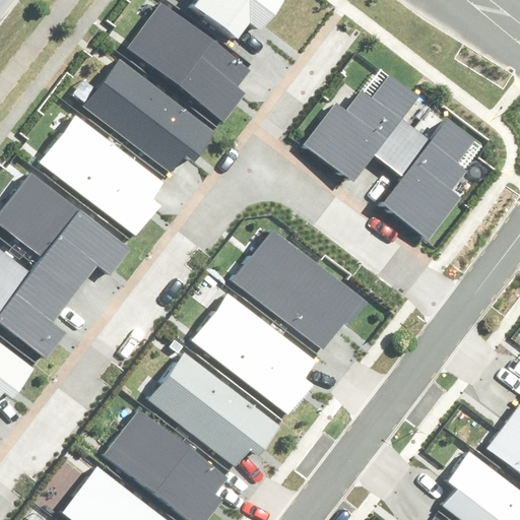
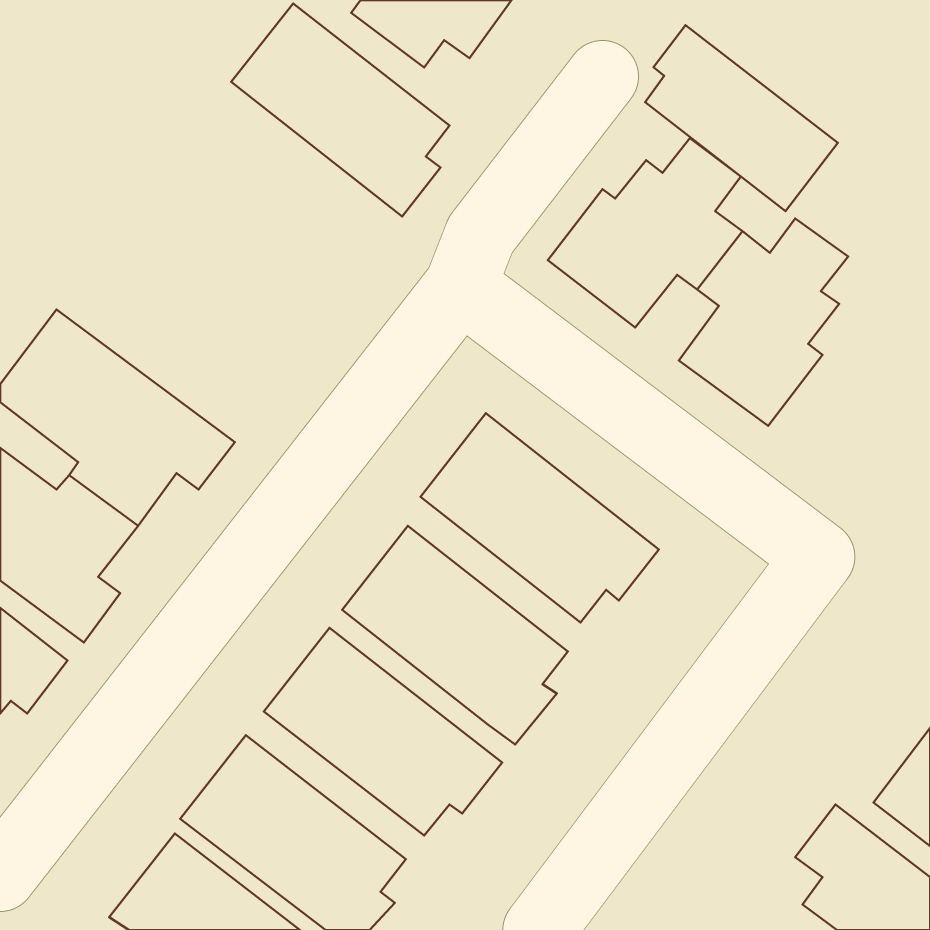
building: none -> [645,25,838,211]
building: [85,57,215,170] -> none
building: [42,114,164,233] -> none

